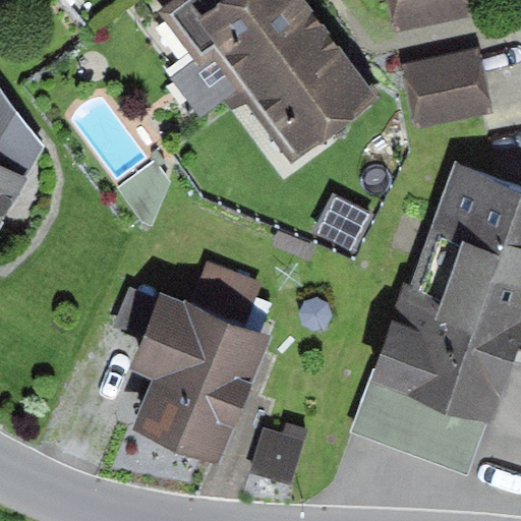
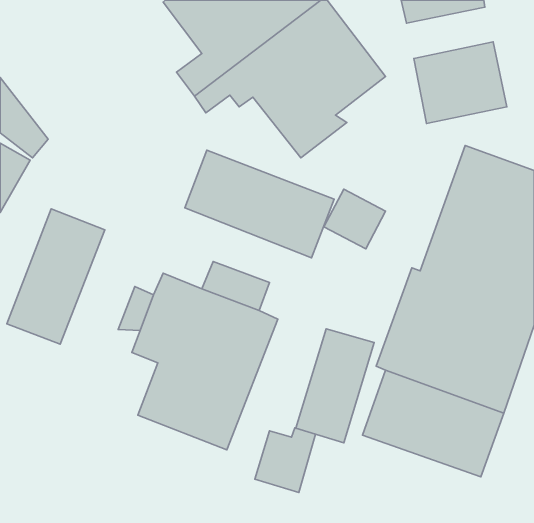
building: none -> [185,150,334,258]
building: none -> [7,209,105,344]
building: none -> [296,329,374,443]

